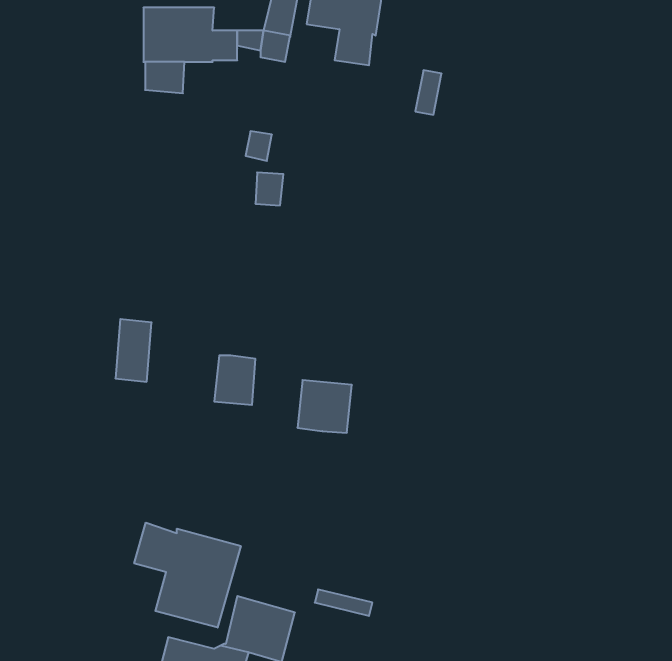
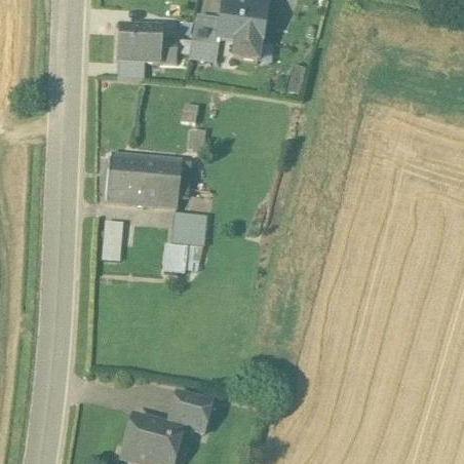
building: none -> [106,154,182,206]
building: [297,380,352,433] -> [172,212,206,245]
building: [134,523,241,628] -> none

